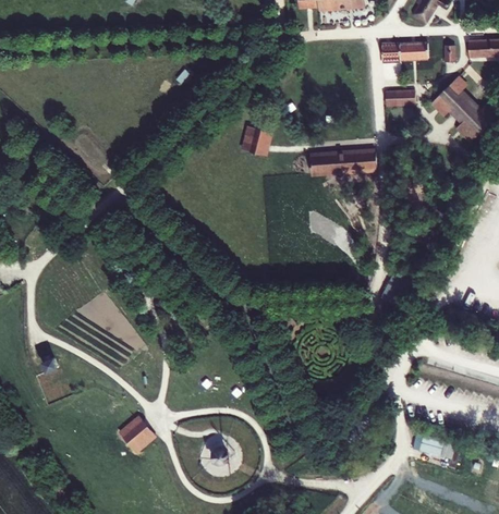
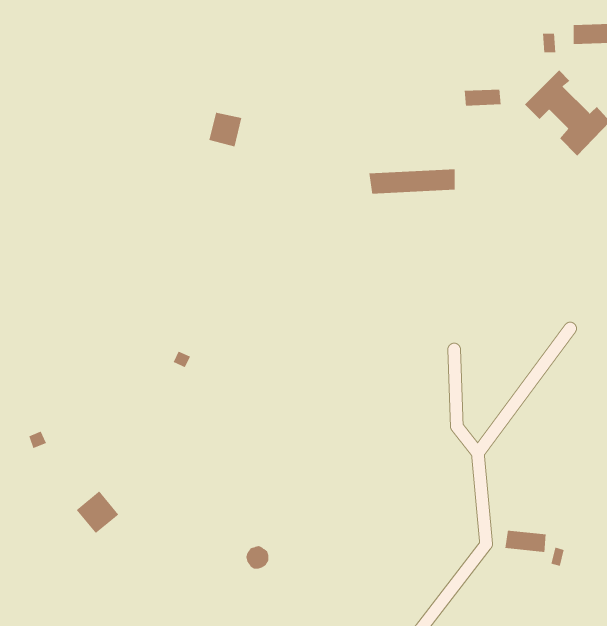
building: [378,45,426,61] -> none
building: [246,127,272,155] -> [209,112,242,147]
building: [120,416,154,450] -> [76,491,119,534]

